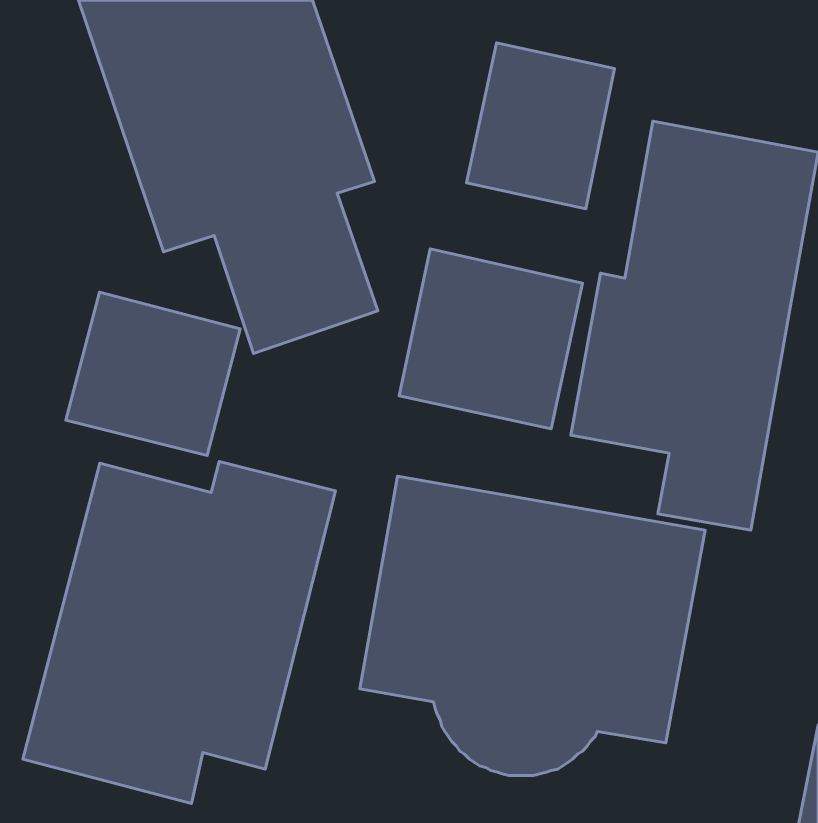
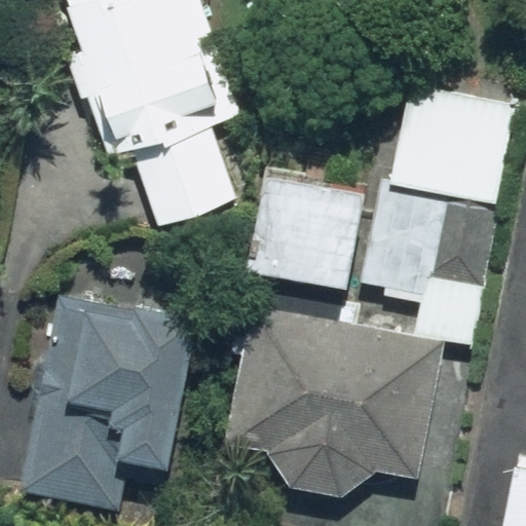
building: [466,43,615,209] -> none
building: [66,292,240,455] -> none

